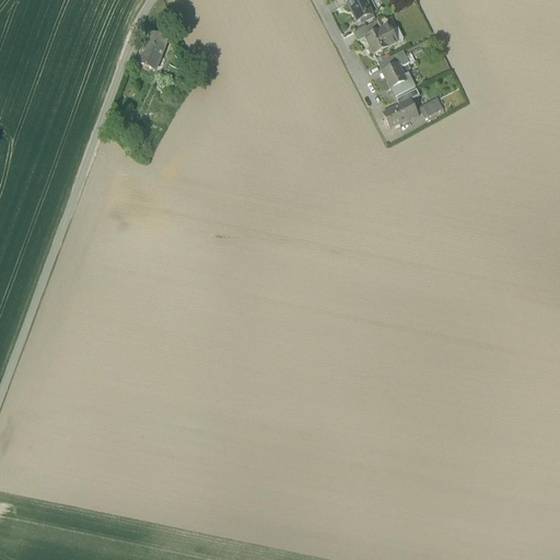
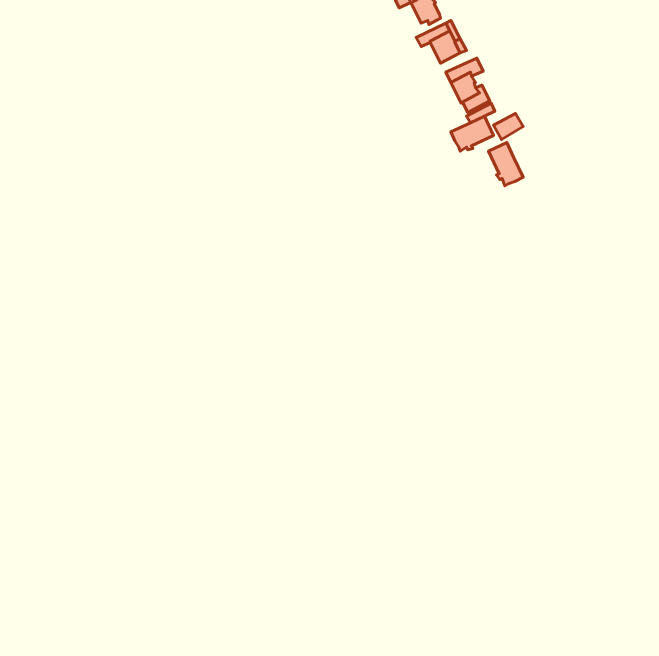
building: [138,32,168,69] -> none
building: none -> [489,143,523,186]

